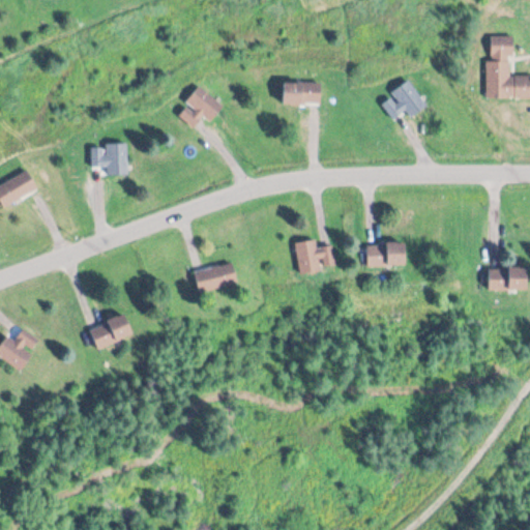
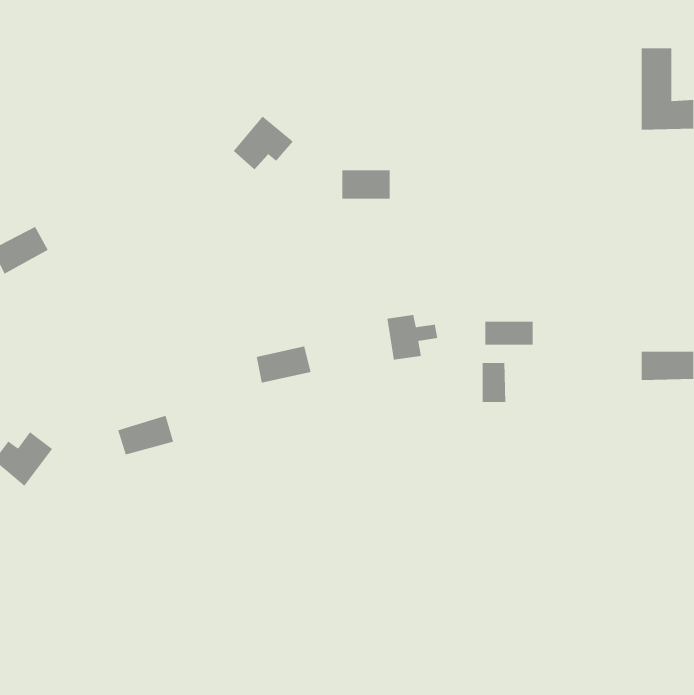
building: [380,82,426,120] -> none
building: [283,83,320,106] -> [341,170,390,200]
building: [91,146,126,177] -> none
building: none -> [482,362,506,403]

